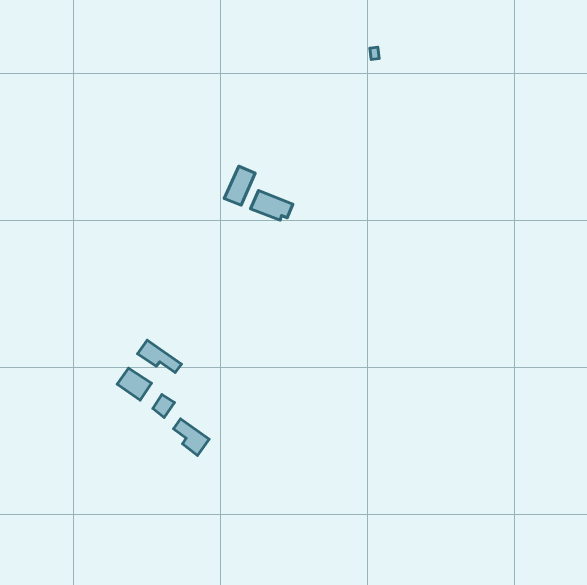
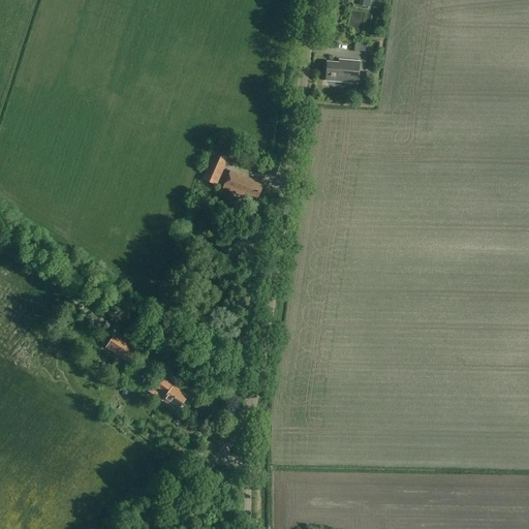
building: none -> [325,60,360,83]
building: [138,340,181,372] -> none

